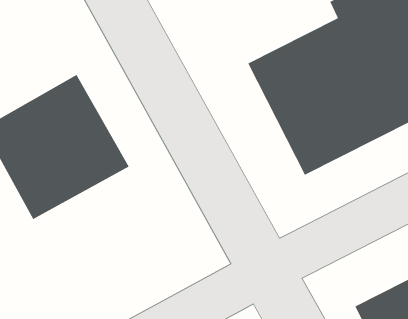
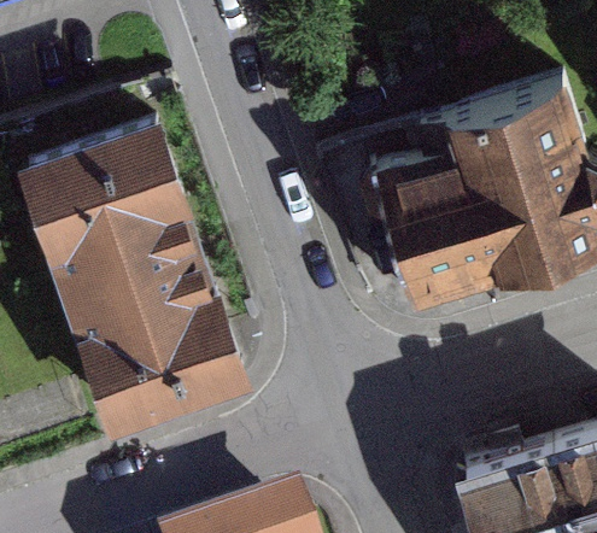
building: none -> [66,256,236,412]

